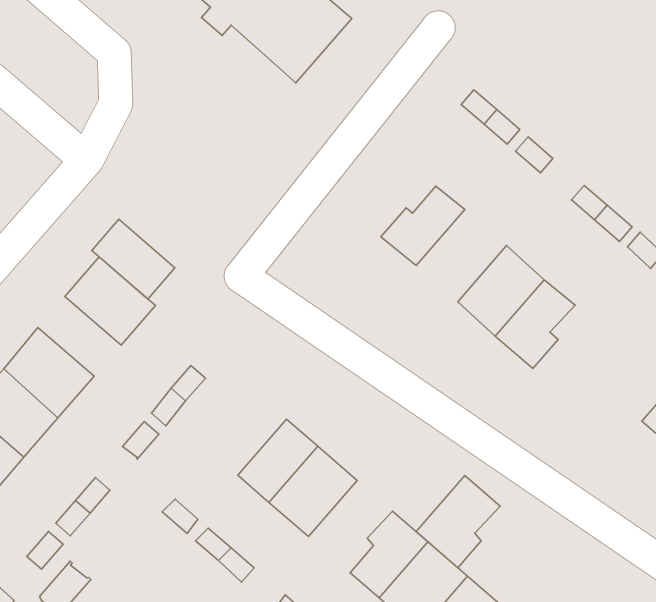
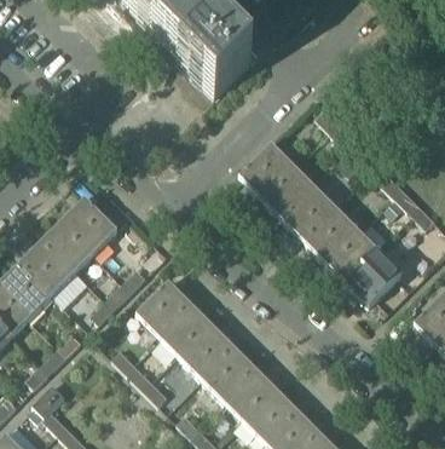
building: none -> [238,143,296,197]
building: none -> [281,184,337,241]
building: [92,219,175,299] -> [44,220,94,271]
building: none -> [348,248,401,306]
building: none -> [137,282,193,339]
building: [416,476,500,568] -> [202,347,255,404]

